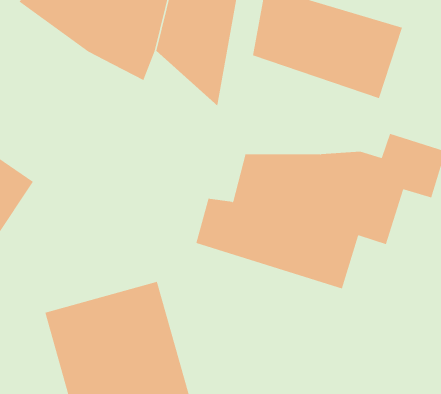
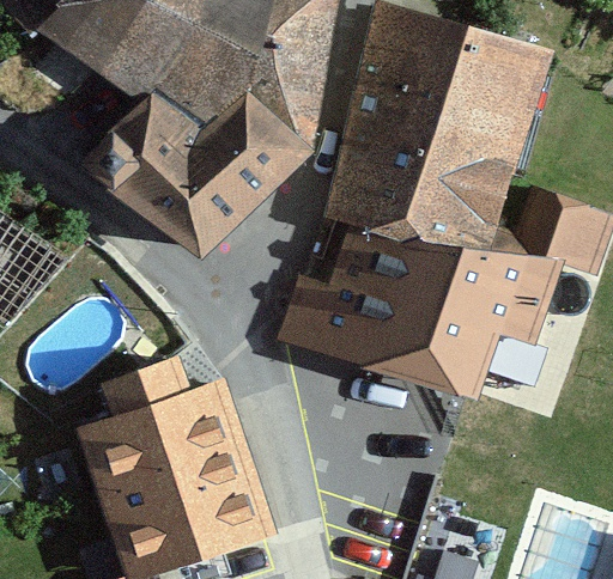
building: none -> [73,80,309,263]
building: none -> [317,86,523,217]

